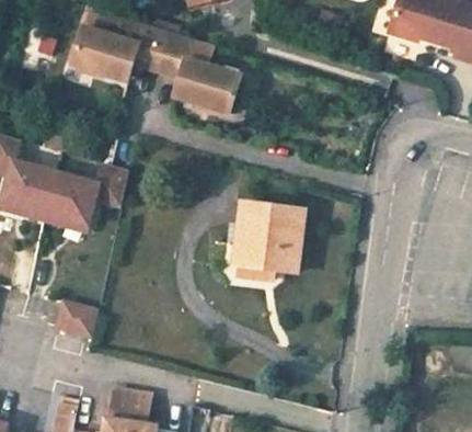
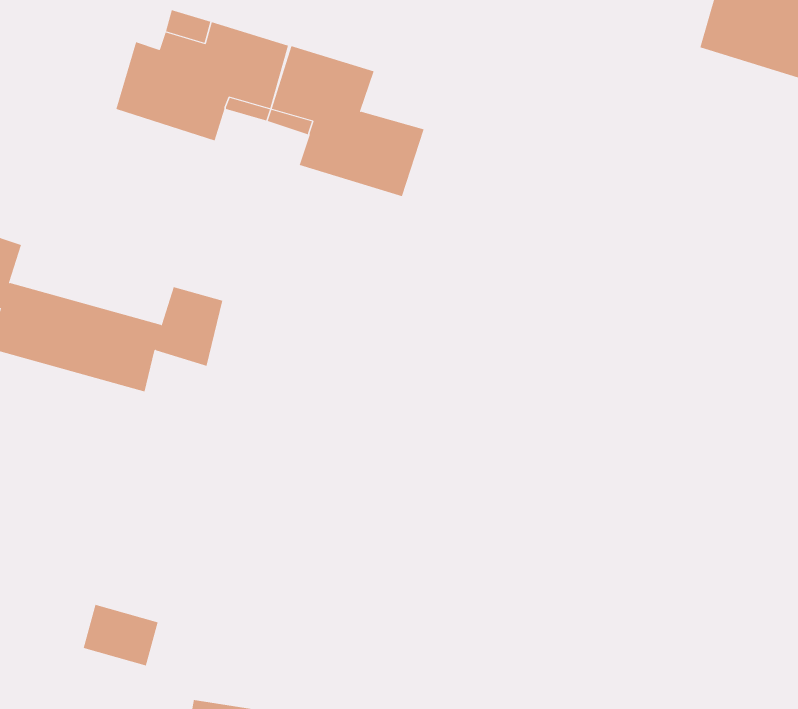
building: [232,203,302,272] -> none
building: [55,303,96,337] -> [83,604,159,666]

